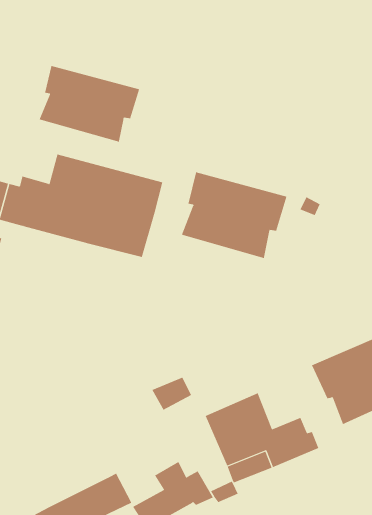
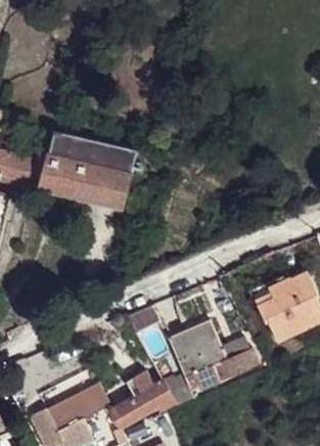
building: [39,65,140,143] -> none
building: [181,172,287,259] -> none

